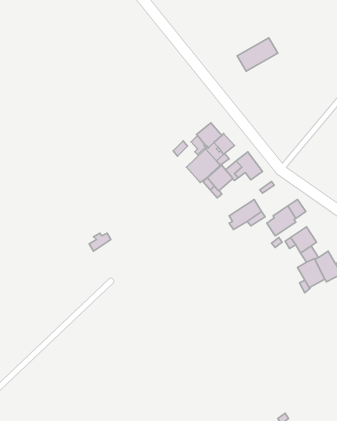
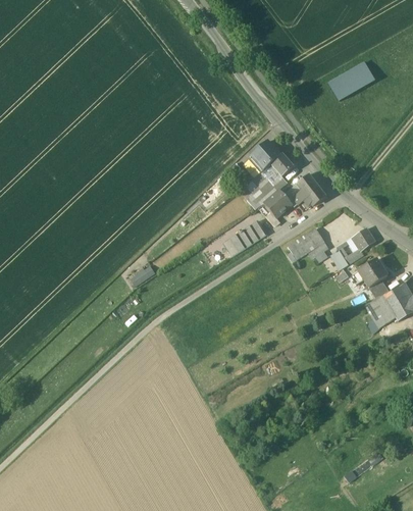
building: [237,38,278,71] -> [329,62,375,100]
building: none -> [224,219,267,255]

